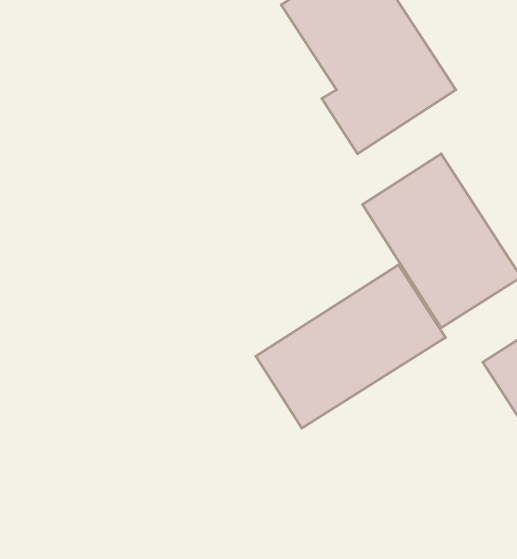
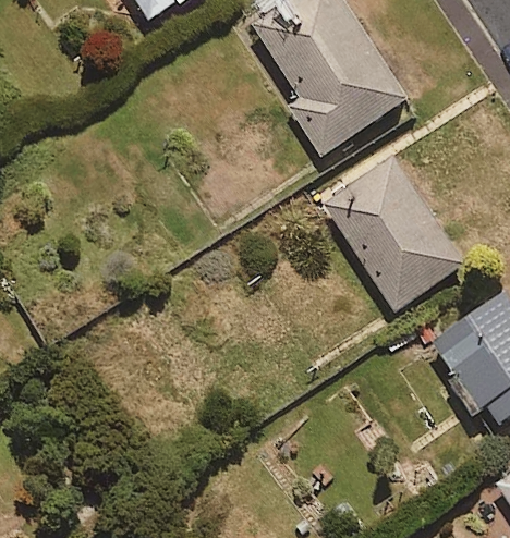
building: [256,265,446,428] -> none

